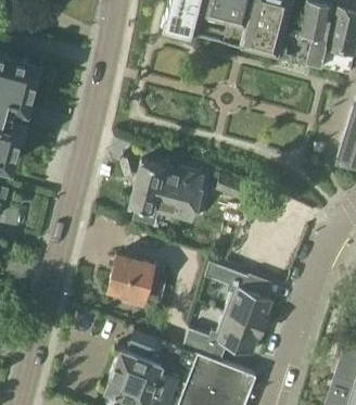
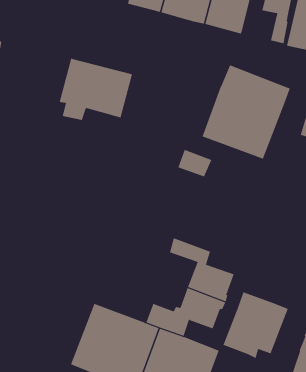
building: none -> [202,64,291,160]
building: [130,161,205,224] -> [59,58,133,120]
building: [109,255,167,308] -> none
building: none -> [222,292,288,359]

